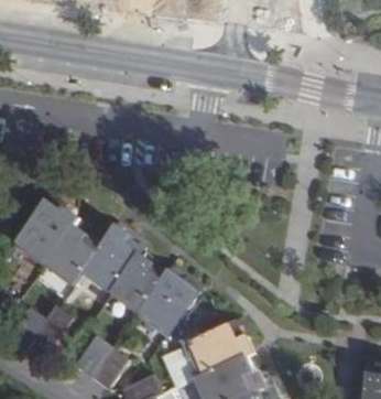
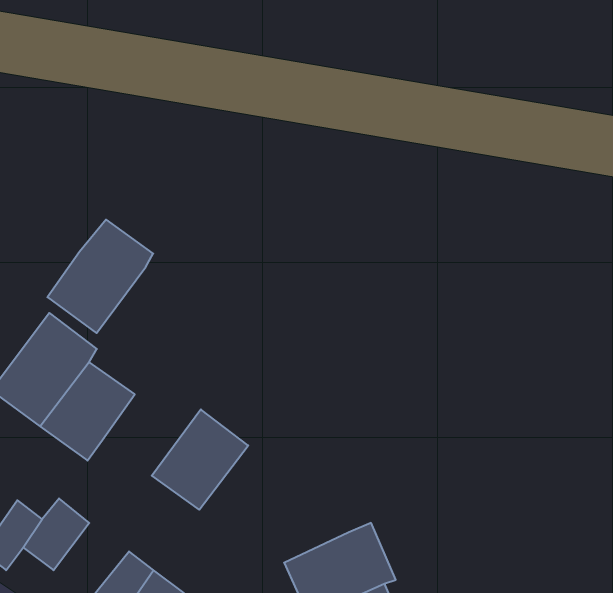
building: [81,228,143,294] -> [47,220,153,333]
building: [138,269,200,336] -> none

